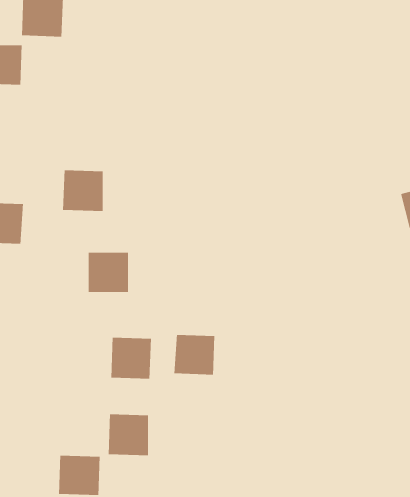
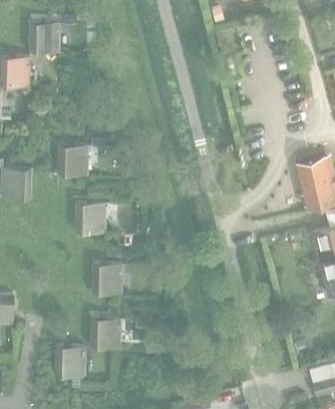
building: [173,334,215,375] -> none

